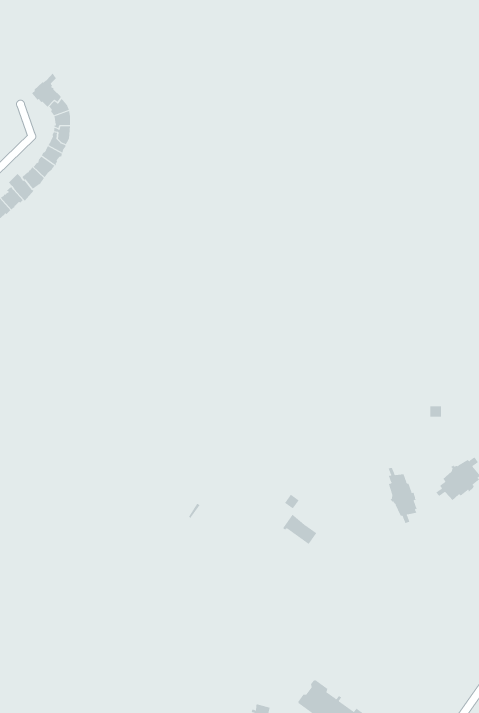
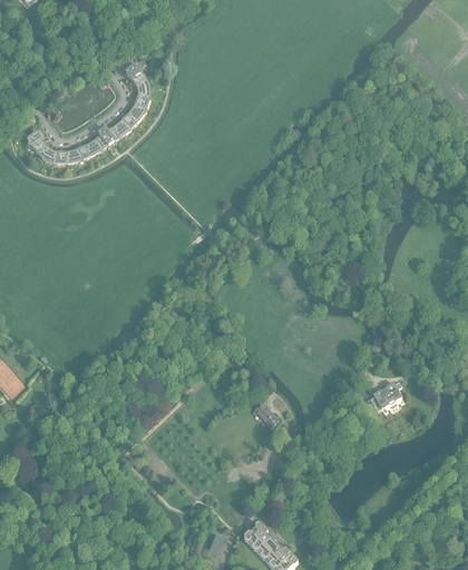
building: [388,467,417,524] -> none

